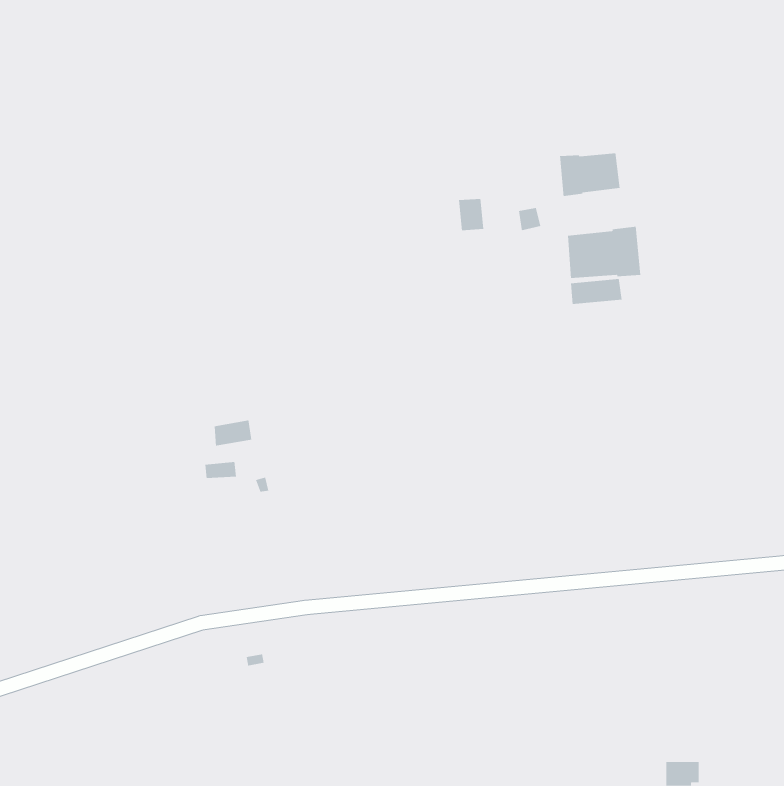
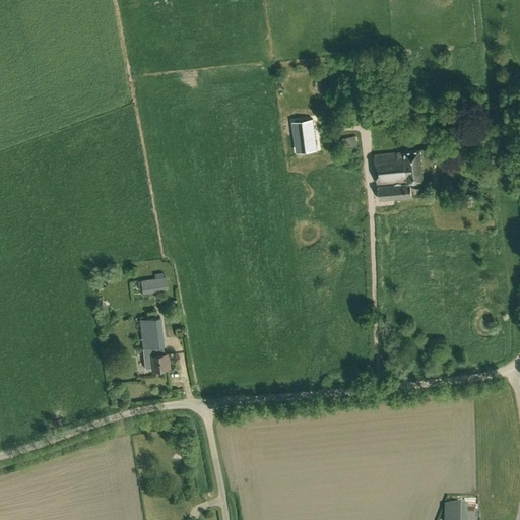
building: [559,153,620,197] -> none
building: none -> [140,319,169,370]

